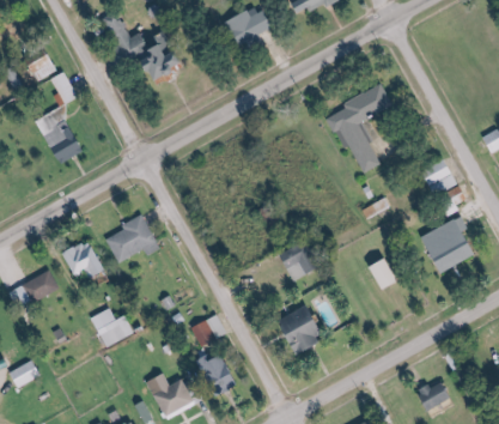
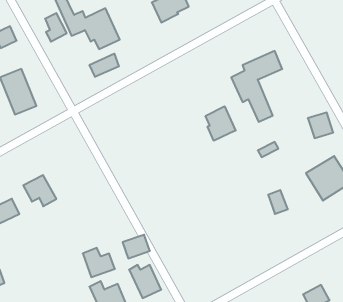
building: [48,71,75,107] -> [45,13,67,42]
building: none -> [90,54,119,77]
building: none -> [206,106,236,141]
building: [104,213,158,262] -> none
building: [280,242,317,279] -> none
building: [282,305,321,353] -> none
building: [91,308,132,345] -> [83,248,115,277]

